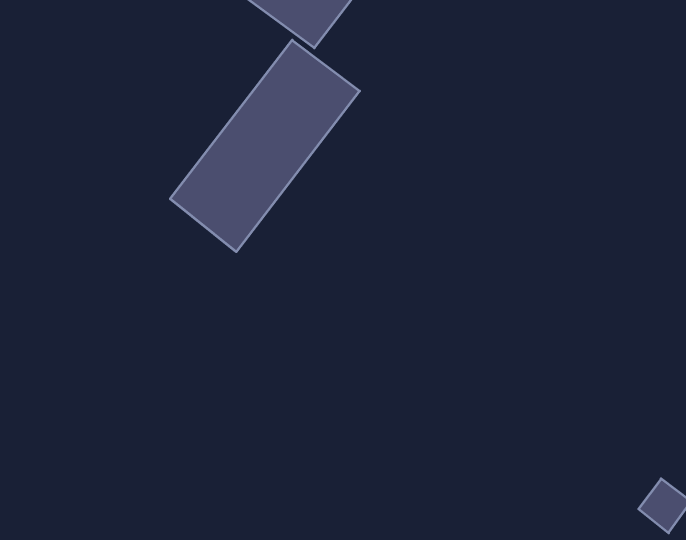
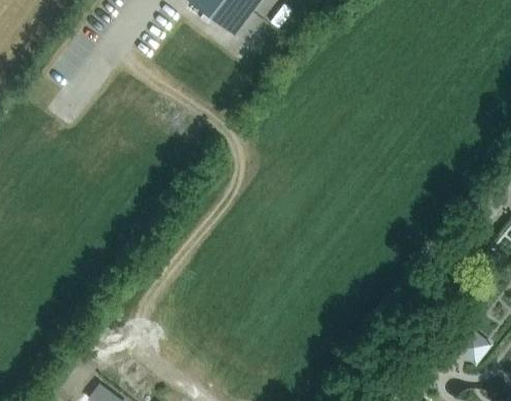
building: [170,40,360,252] -> none

